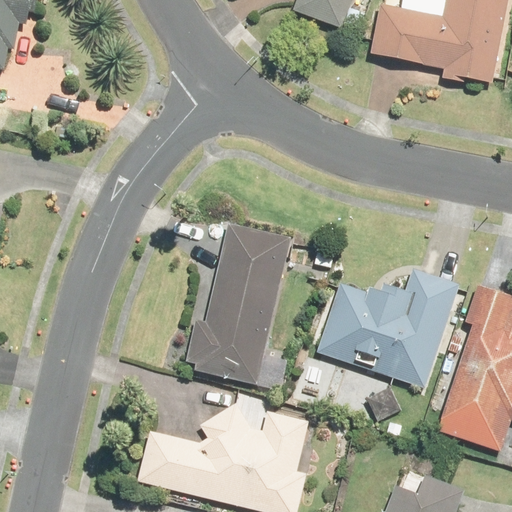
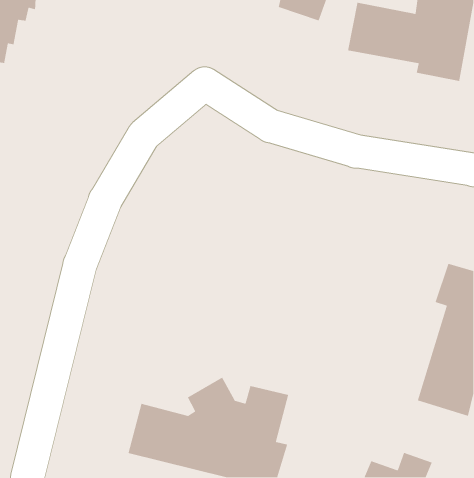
building: [188,224,290,384] -> none
building: [316,271,457,386] -> none

